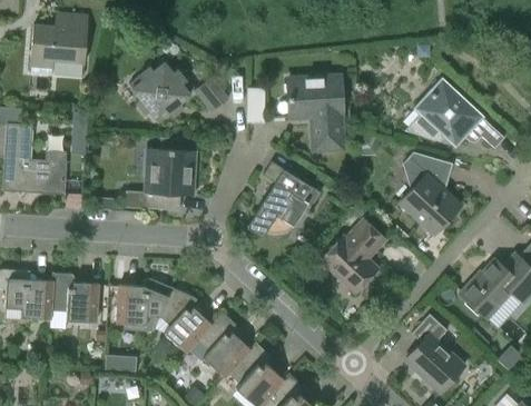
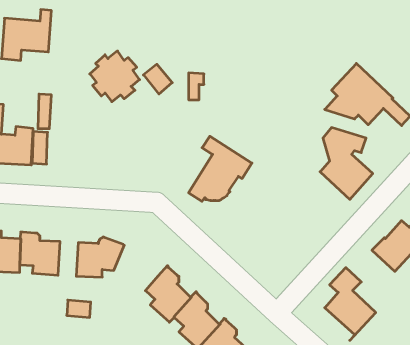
building: [288,76,343,149] -> none
building: [125,148,196,209] -> none
building: [321,220,384,291] -> none
building: [160,288,212,353] -> none

